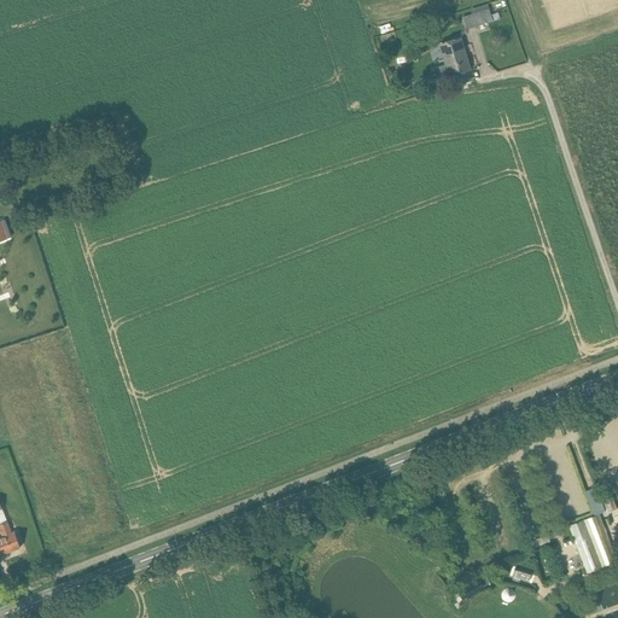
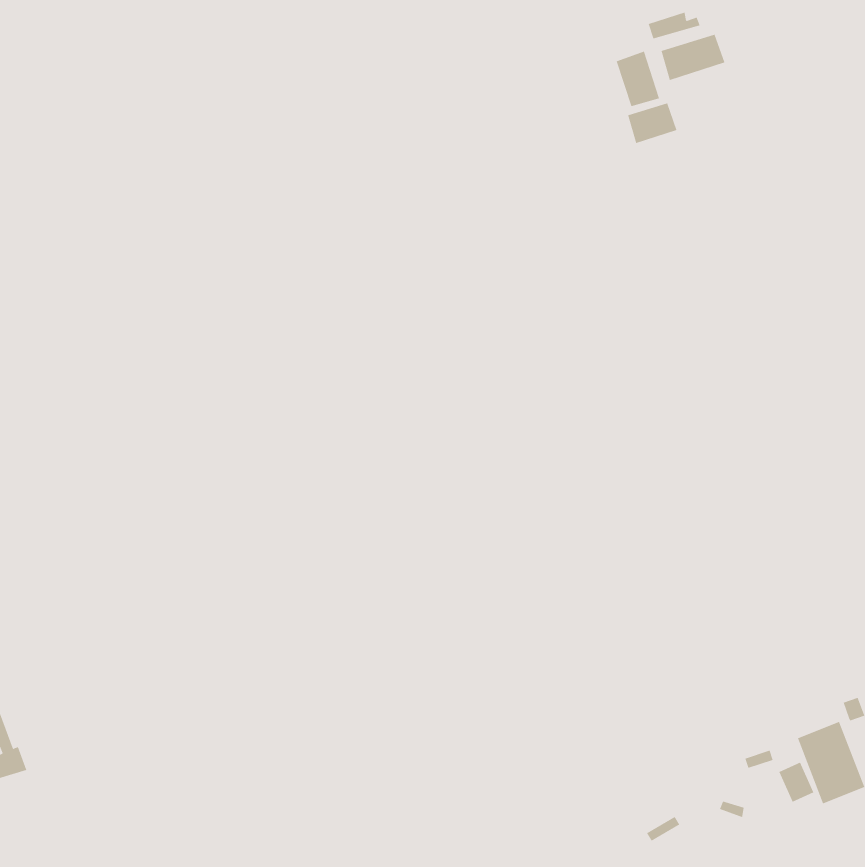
building: none -> [661,34,725,81]
building: none -> [627,102,677,144]

